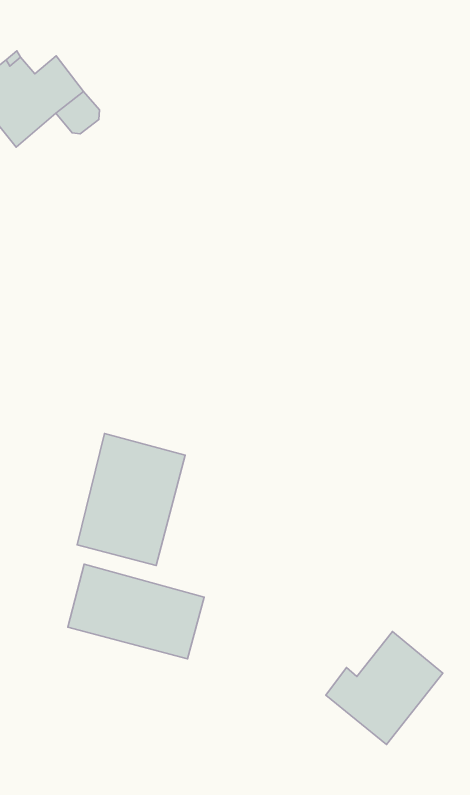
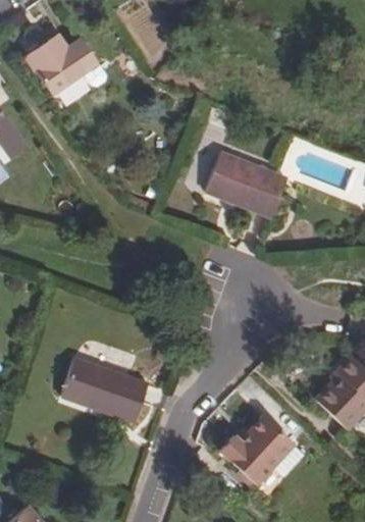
building: none -> [204,151,288,218]
building: [77,434,185,565] -> none

